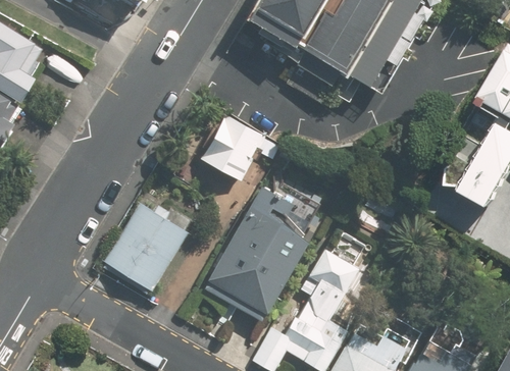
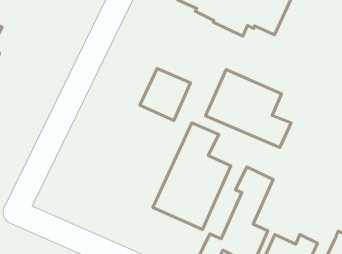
building: none -> [206,69,291,148]
building: [104,205,185,291] -> none

